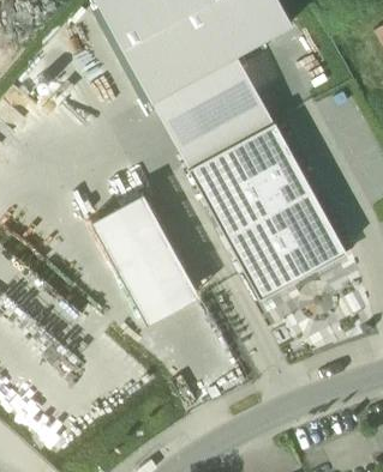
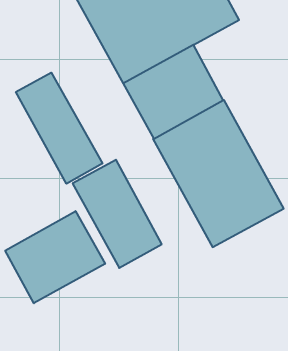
building: none -> [16,73,102,184]
building: none -> [5,211,105,303]

